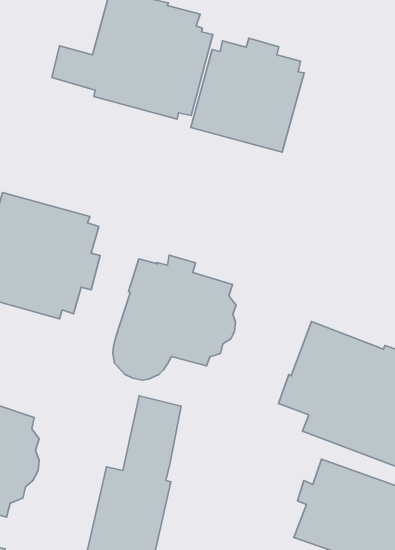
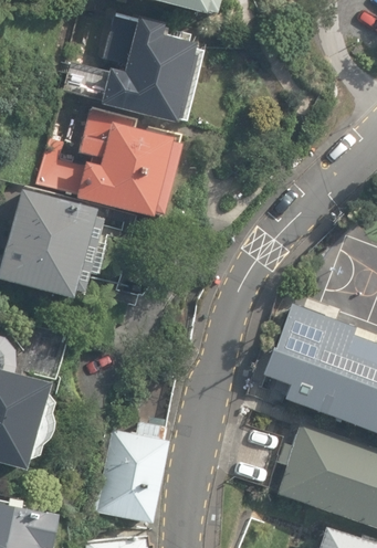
building: [191,38,304,152] -> none
building: none -> [35,107,182,221]
building: [113,255,236,380] -> none

